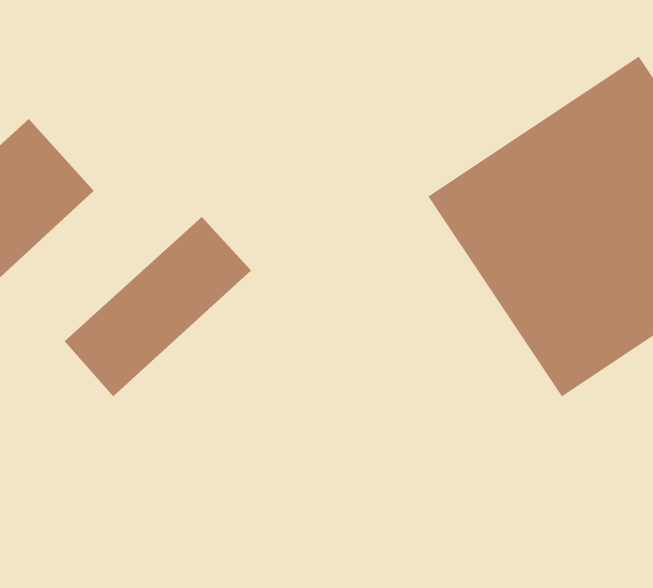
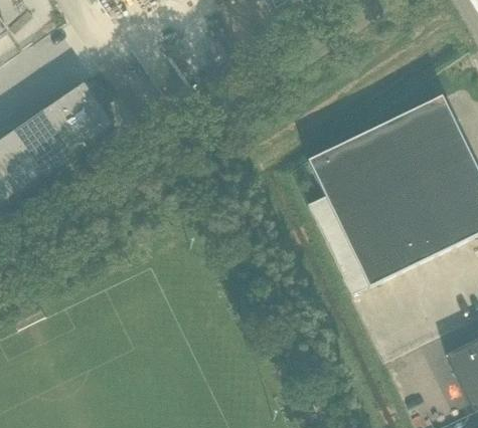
building: [64,216,252,397] -> none

